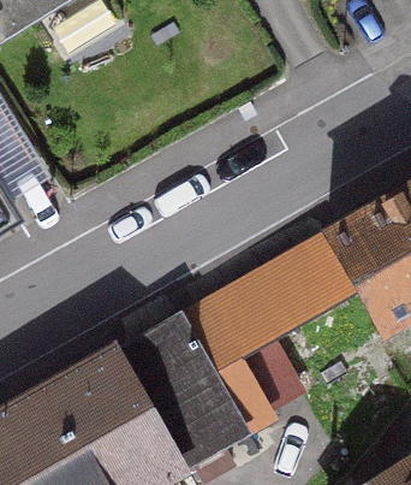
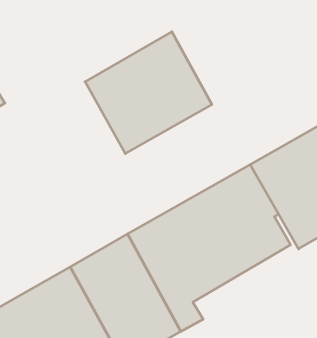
building: none -> [85,32,212,154]

